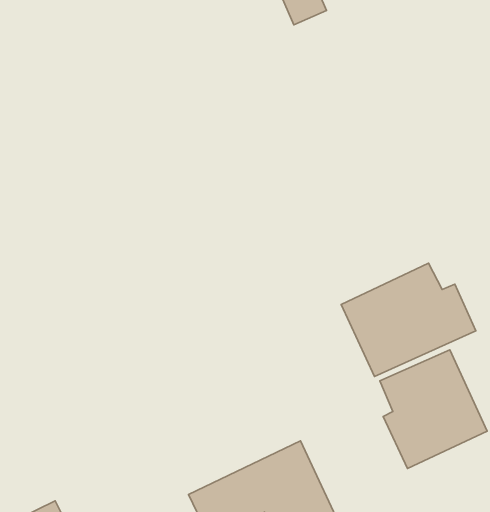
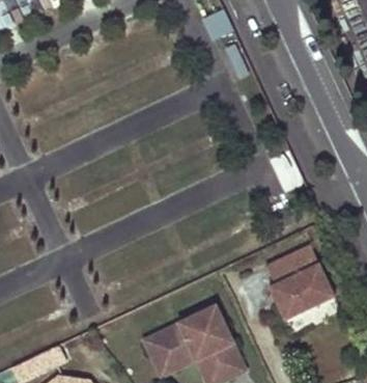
building: [341,263,476,377] -> none

